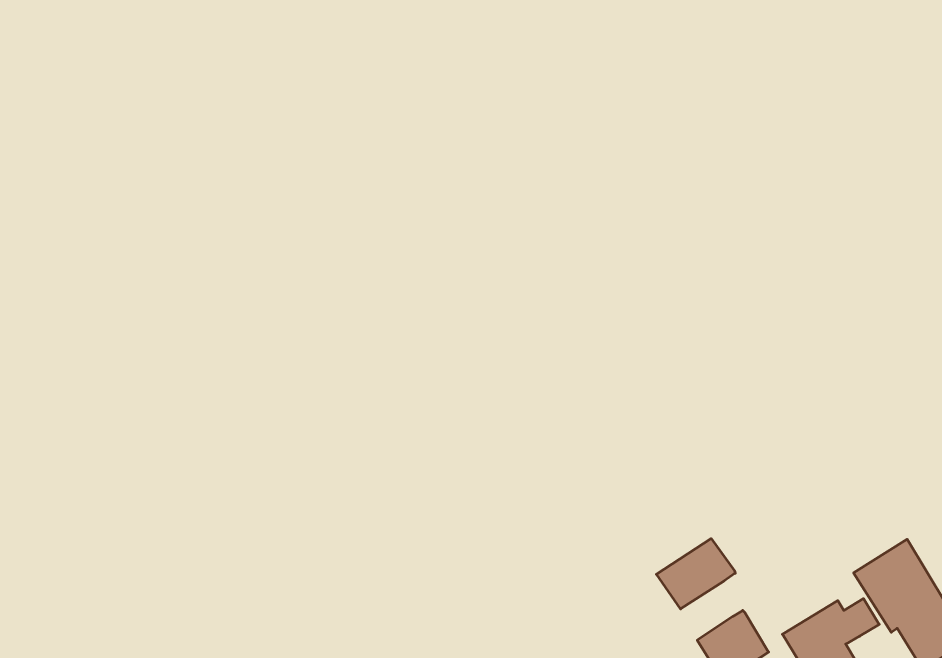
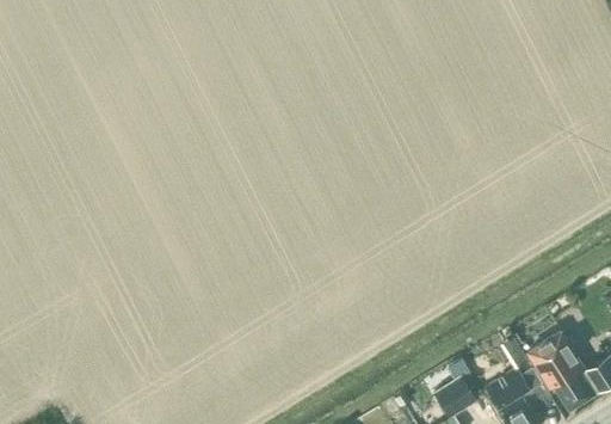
building: [656,539,735,609] -> none

